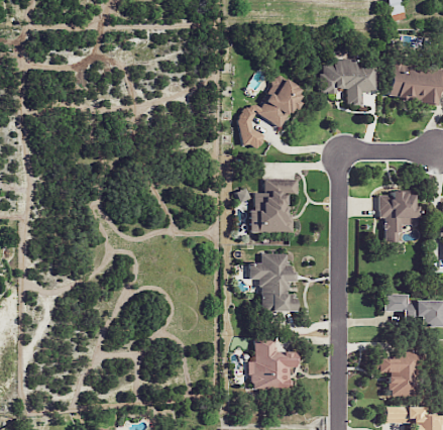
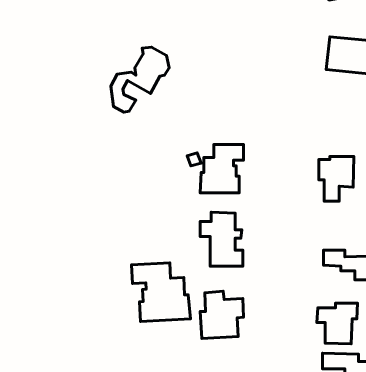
building: [322,61,378,104] -> none
building: [238,77,302,147] -> [111,47,169,112]
building: none -> [132,263,191,321]

